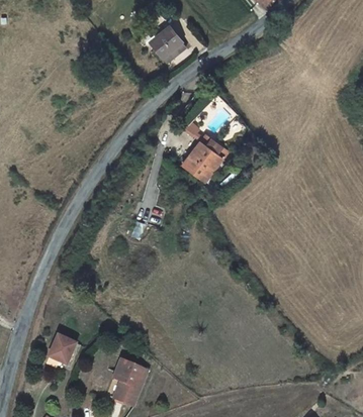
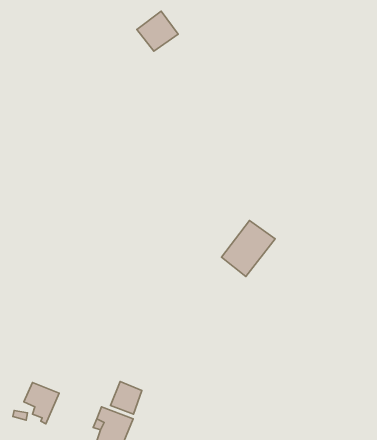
building: [186,141,231,188] -> [222,221,275,276]
building: none -> [111,381,142,414]

